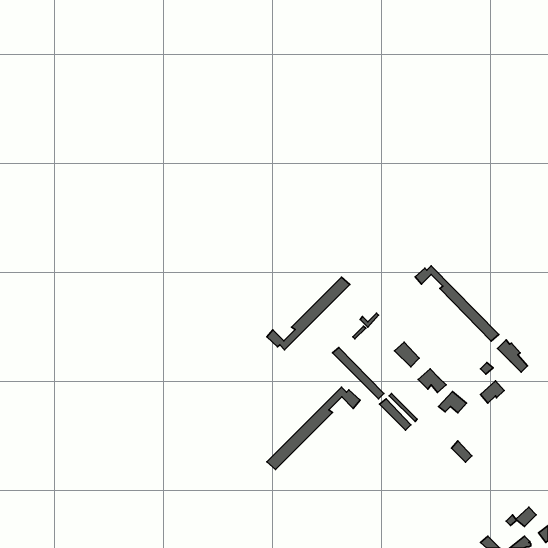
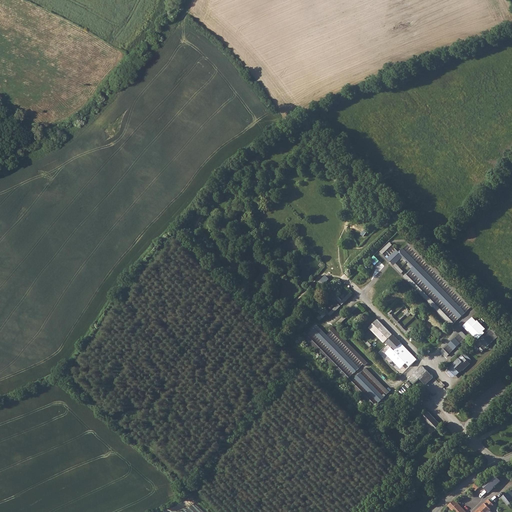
building: [267,277,350,350] -> none
building: [267,387,360,470] -> none

